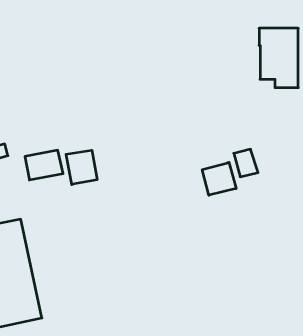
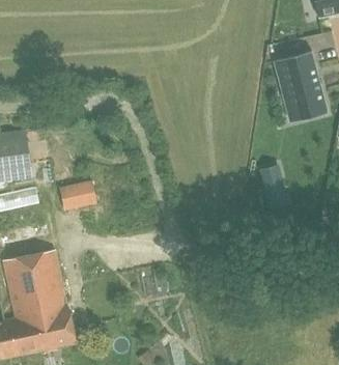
building: [66,150,97,185] -> none
building: [202,162,236,195] -> none

